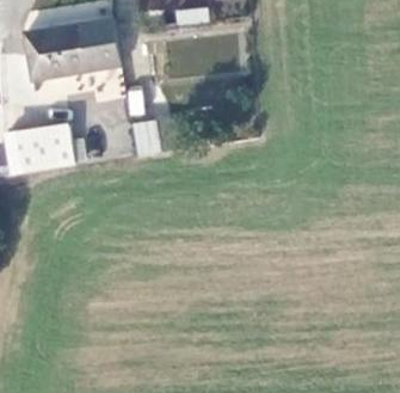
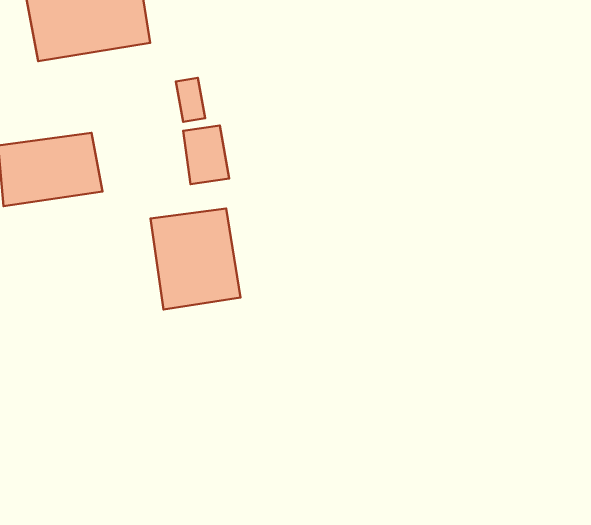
building: none -> [151,208,240,309]

